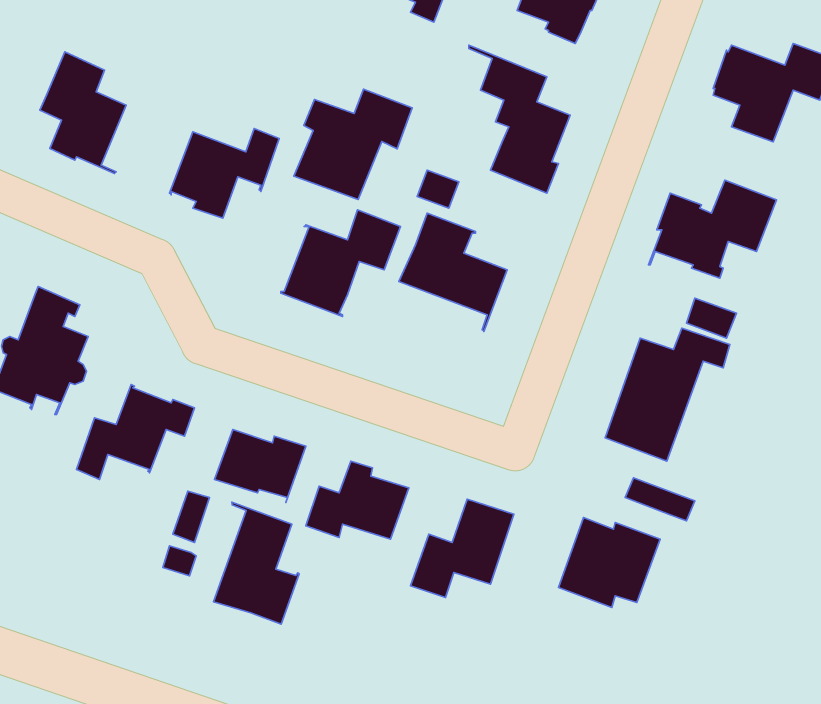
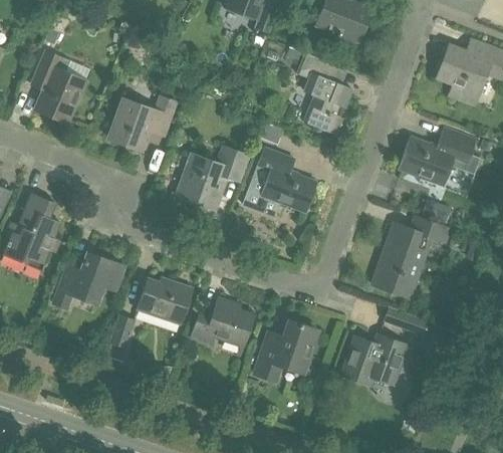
building: [294,89,412,200] -> none
building: [213,502,299,624] -> none

